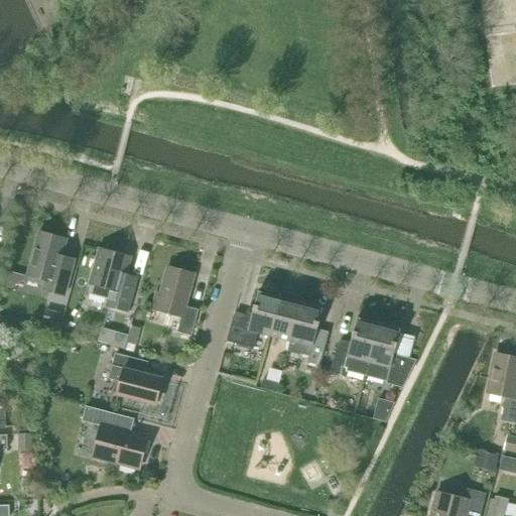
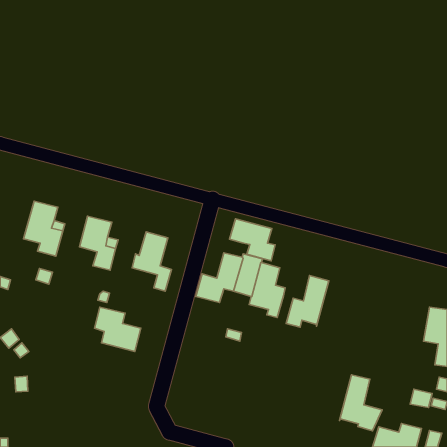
building: none -> [230,219,275,261]
building: [365,324,414,388] -> [339,375,382,431]
building: [82,406,147,469] -> none

